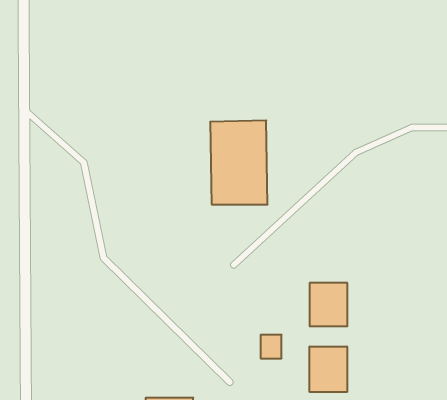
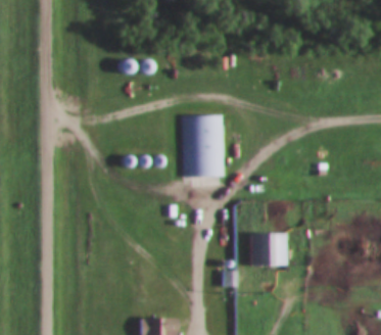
building: [310,346,347,392] -> none

